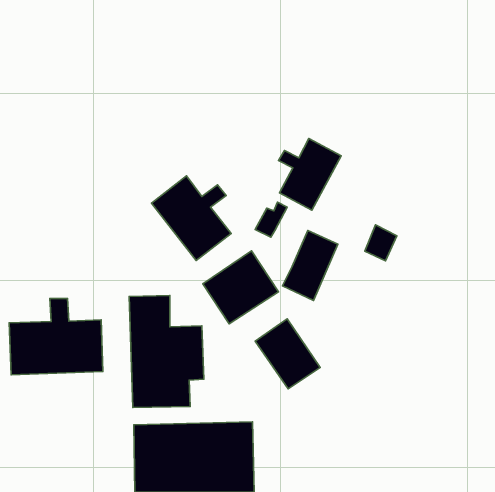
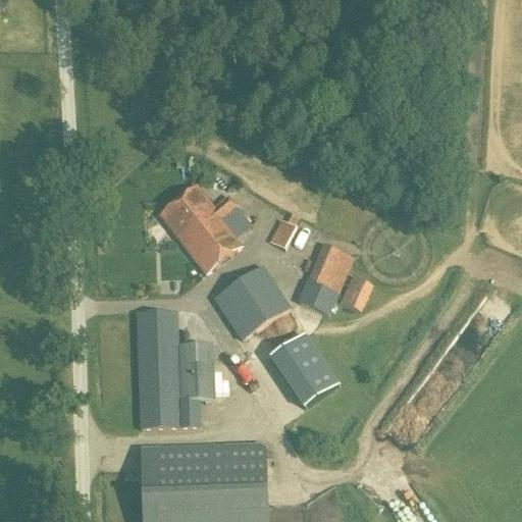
building: [279,138,341,210] -> none
building: [365,225,397,261] -> [340,273,373,311]
building: [9,298,103,375] -> none

